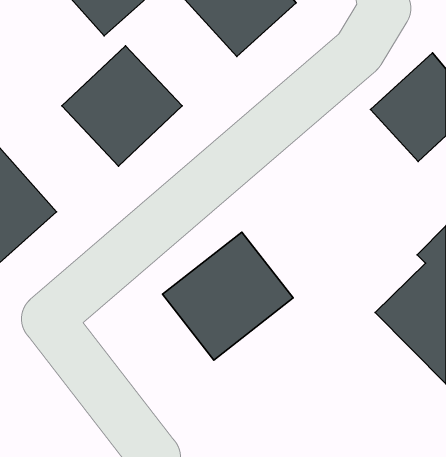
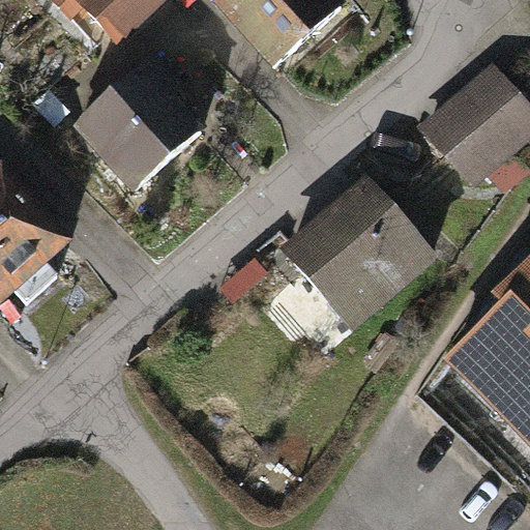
building: none -> [290,178,441,326]
building: [163,232,293,360] -> none

